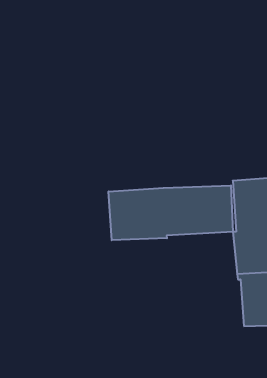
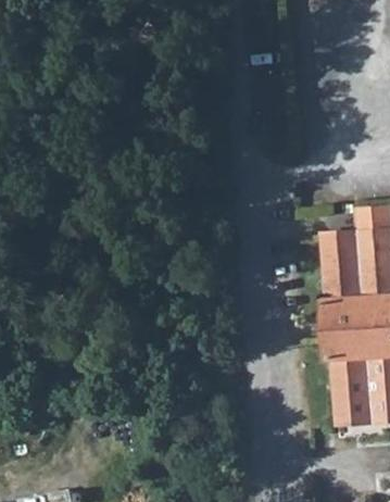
building: [109,185,233,240] -> none

